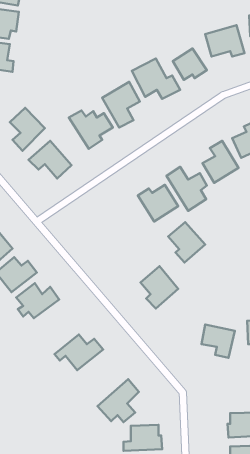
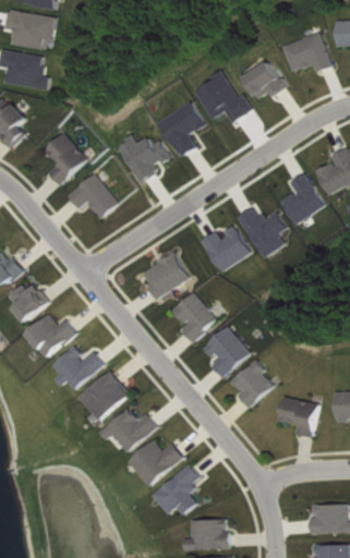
building: none -> [140,252,189,299]
building: [168,222,205,262] -> [171,292,216,341]
building: none -> [230,361,273,407]
building: none -> [79,372,129,421]
building: none -> [126,440,182,486]

